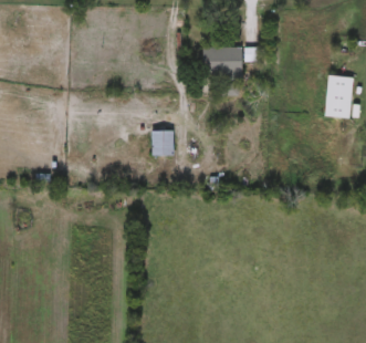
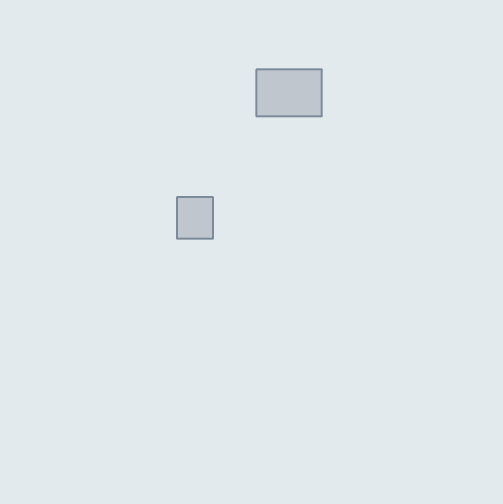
building: [325,75,352,117] -> none

